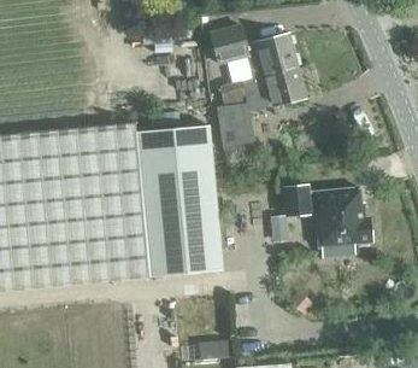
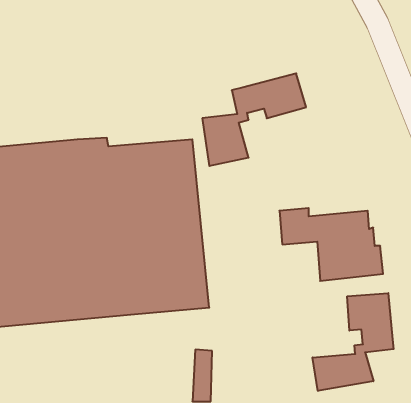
building: [208,27,296,84] -> none
building: none -> [313,293,394,391]

